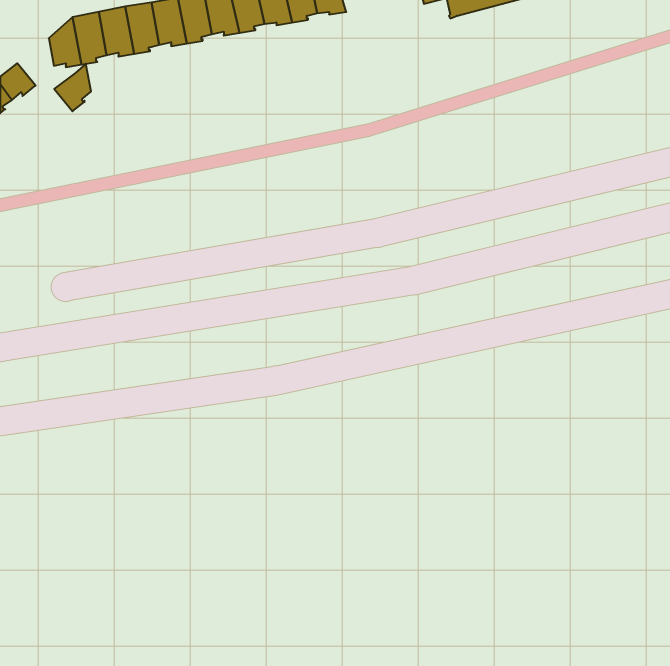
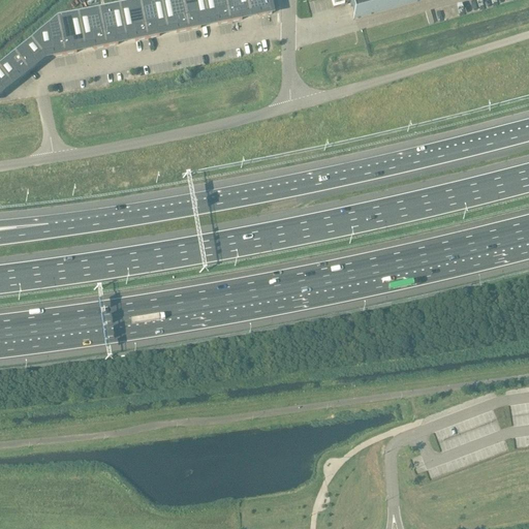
building: [54,64,91,111] -> [15,30,44,67]

